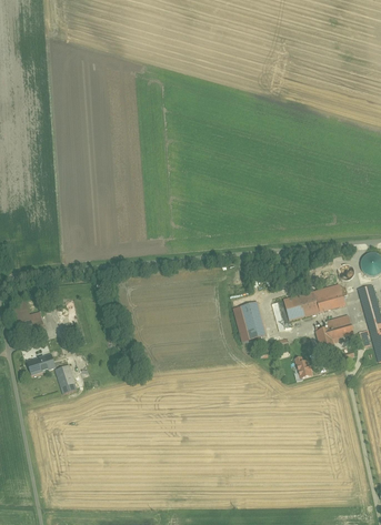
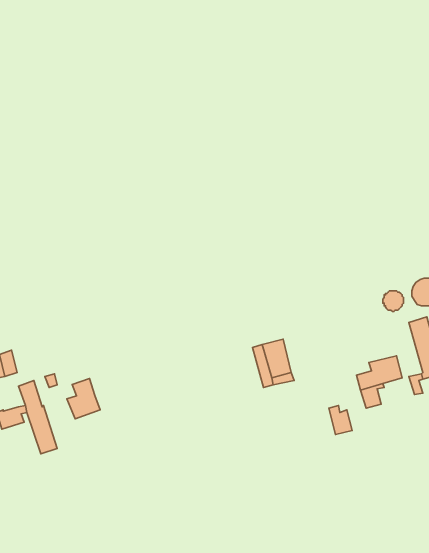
building: [282,284,344,320] -> none
building: none -> [67,379,100,419]

